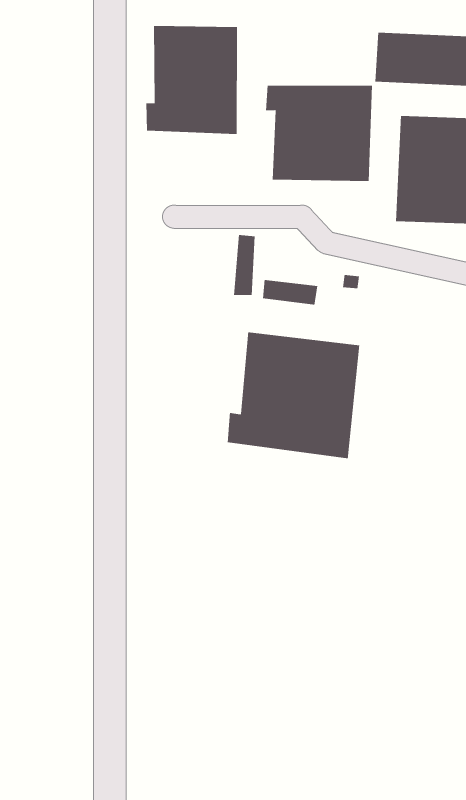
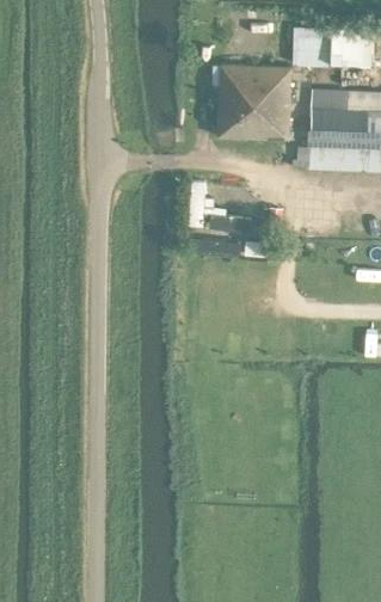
building: [146,25,237,135] -> none
building: [227,332,360,459] -> none

